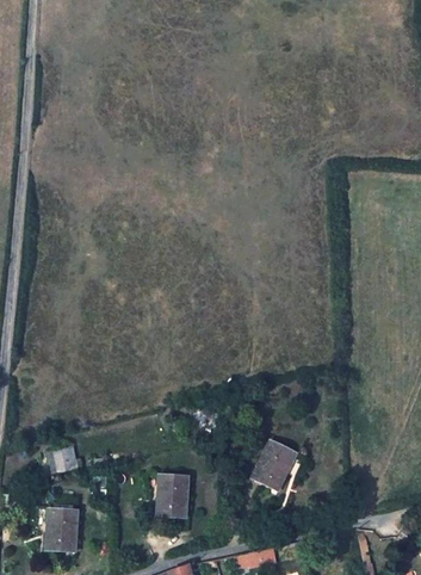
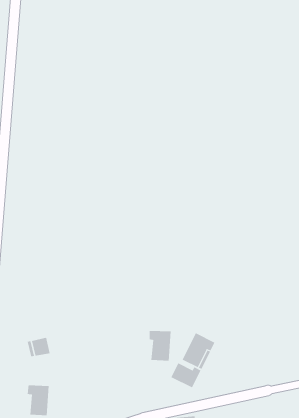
building: [157,476,187,517] -> [149,330,171,361]
building: none -> [171,363,201,388]

